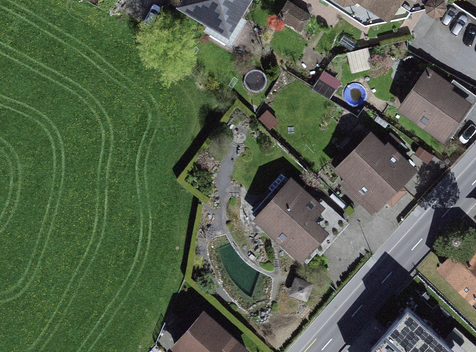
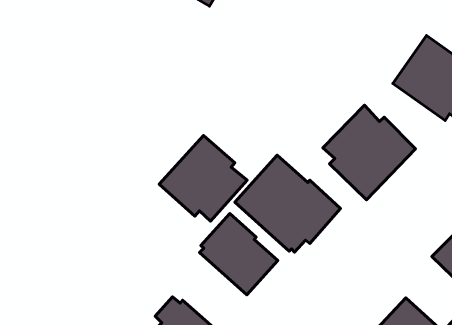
building: none -> [159,136,247,221]
building: none -> [200,213,278,295]

